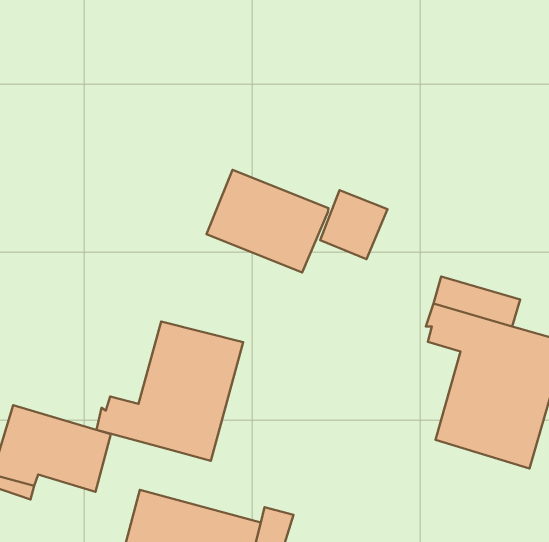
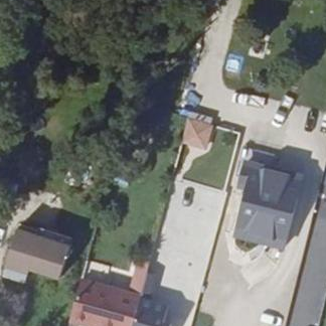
building: [206,170,328,273] -> none
building: [96,321,243,461] -> none

